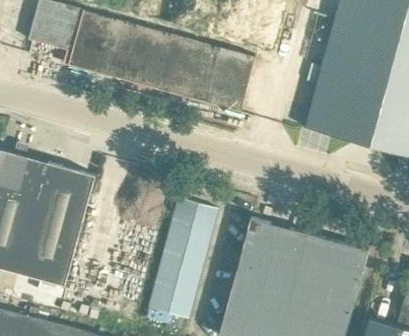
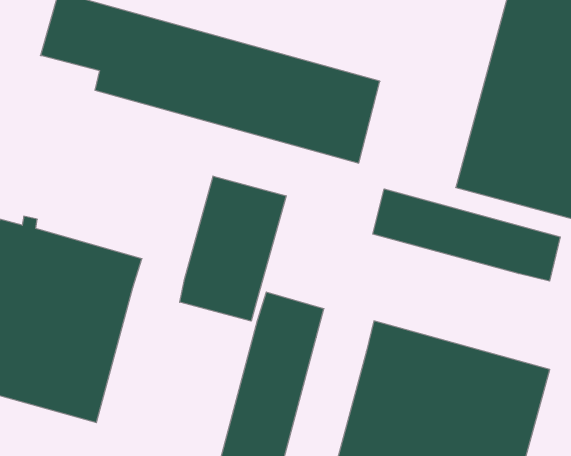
building: none -> [180,176,286,321]
building: none -> [373,189,560,281]

